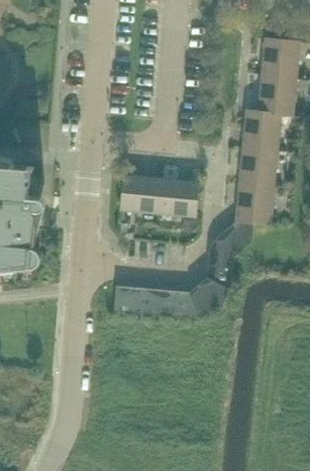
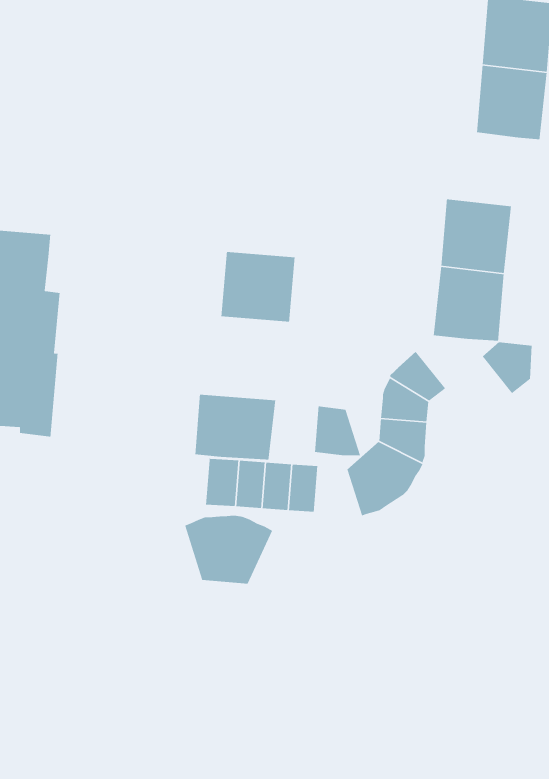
building: [242,108,281,150] -> none
building: [159,177,199,216] -> none
building: [226,219,253,248] -> [482,341,533,394]
building: none -> [194,394,276,461]
building: [172,289,197,316] -> [314,405,361,456]
building: none -> [184,515,273,584]

